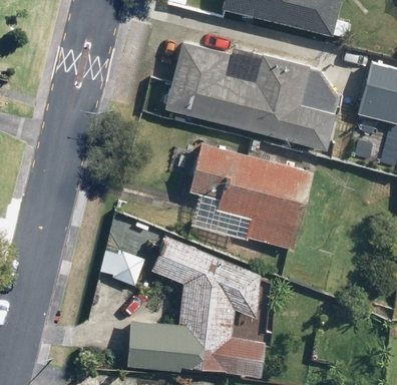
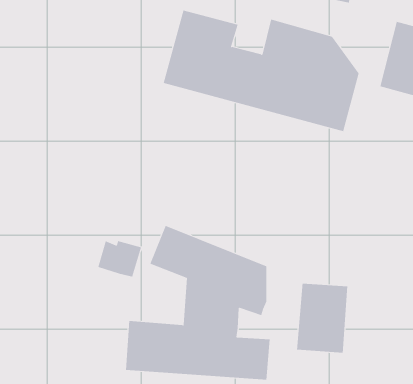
building: [190,144,312,252] -> none
building: none -> [296,283,348,354]

